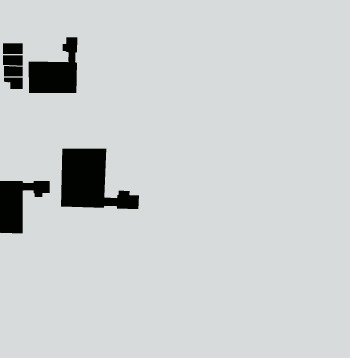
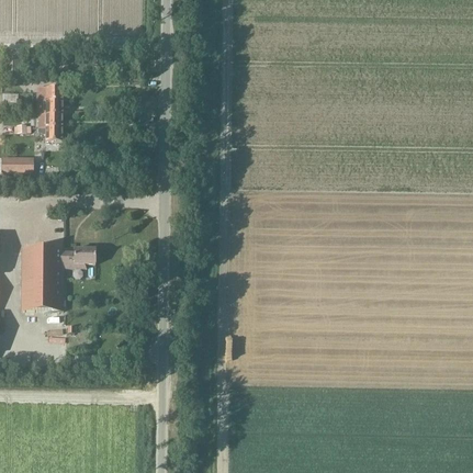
building: [28,36,78,94] -> none
building: [61,148,139,210] -> none

